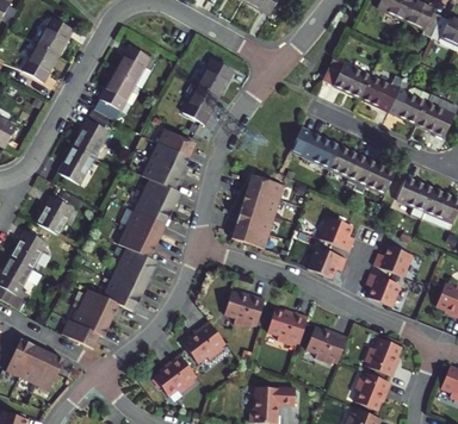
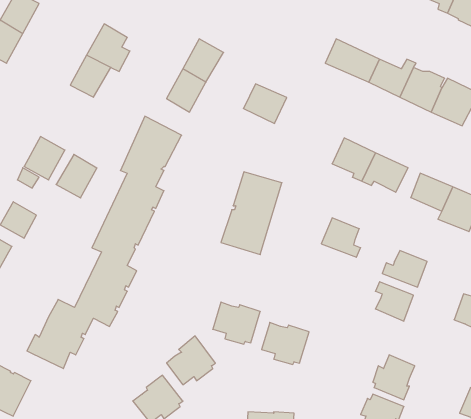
building: [72,119,107,157] -> [56,154,97,198]
building: [301,135,339,169] -> [243,84,287,123]
building: [307,247,346,278] -> none
building: [305,326,347,364] -> none

